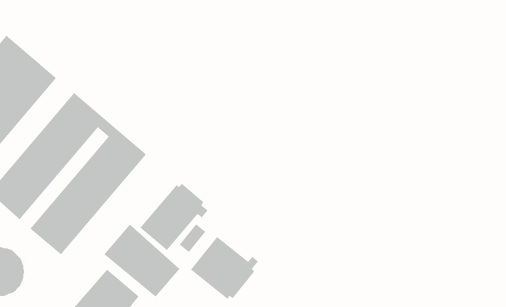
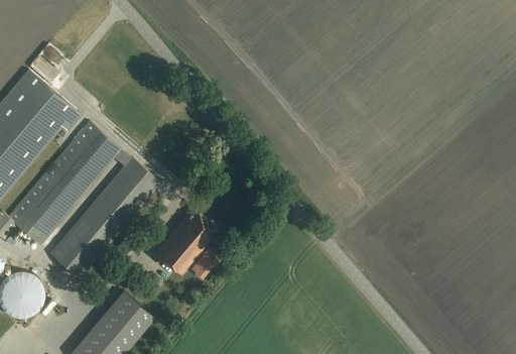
building: [104,224,180,298] -> none
building: [190,236,259,300] -> none

